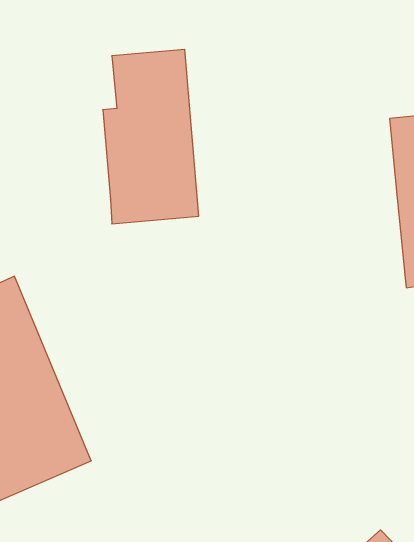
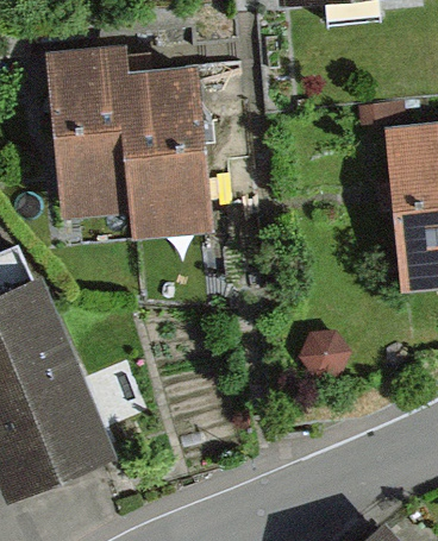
building: none -> [51,50,136,216]

